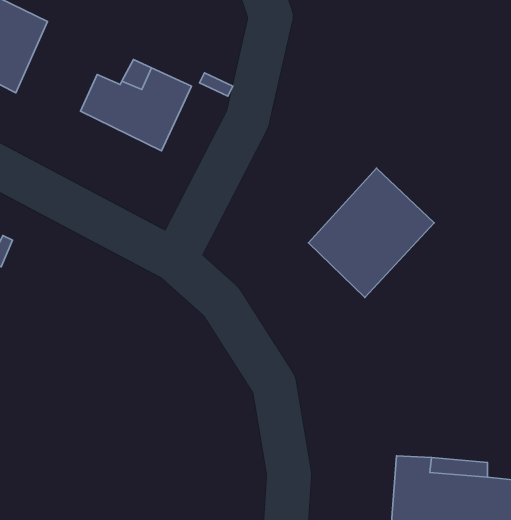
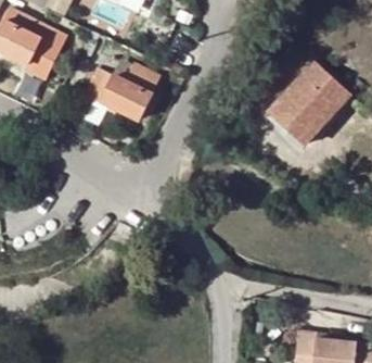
building: [309,168,434,297] -> [268,60,350,145]

